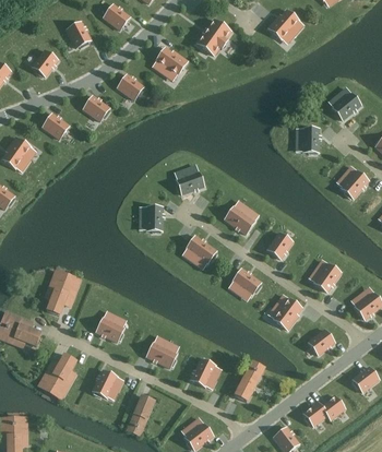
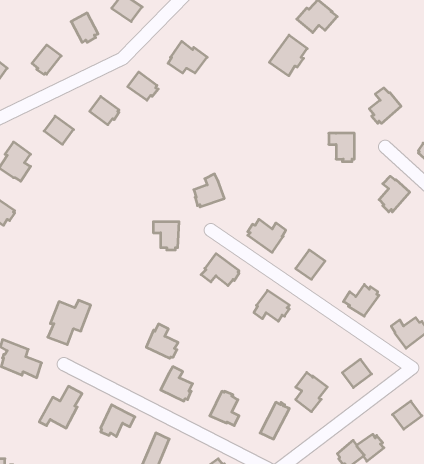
building: [196,20,230,56] -> [269,35,307,76]
building: [273,295,301,330] -> [296,372,327,412]
building: [96,311,124,342] -> [146,324,178,358]

